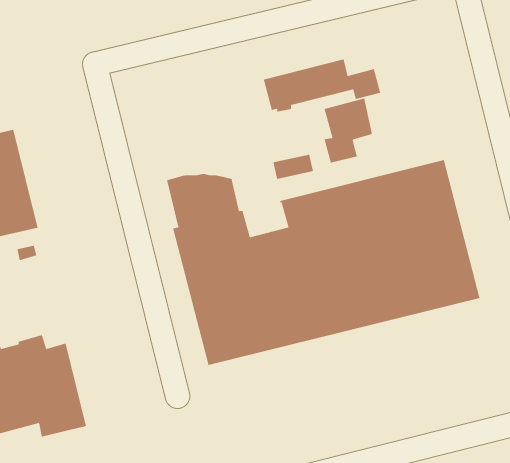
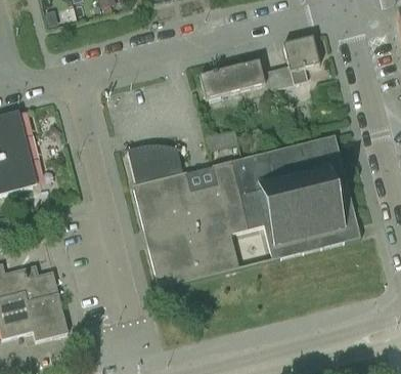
building: [323,97,373,164] -> [282,35,319,84]

